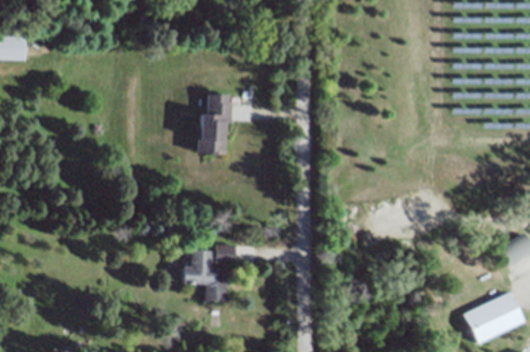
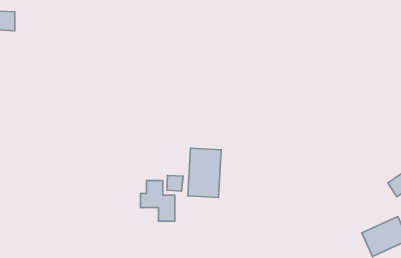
building: [199,93,232,153] -> none
building: none -> [188,148,221,198]

